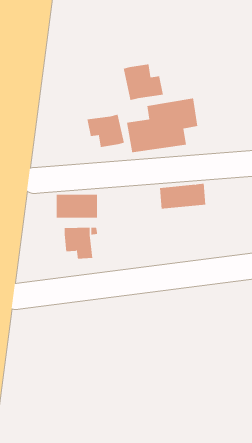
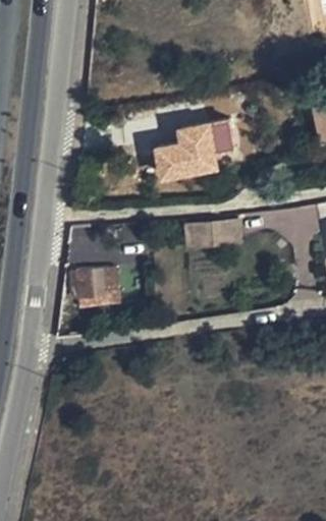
building: [123,63,164,101] -> none
building: [87,114,124,148] -> none

